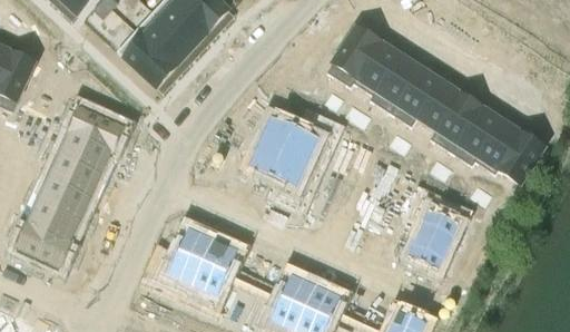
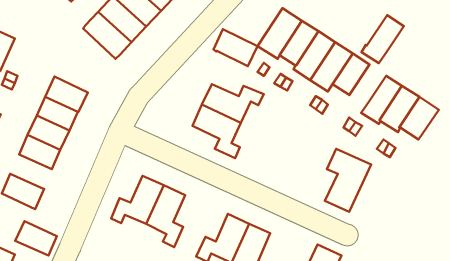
building: none -> [213,29,257,66]
building: [430,94,481,152] -> [361,15,404,63]
building: [29,202,79,243] -> [15,221,57,256]

